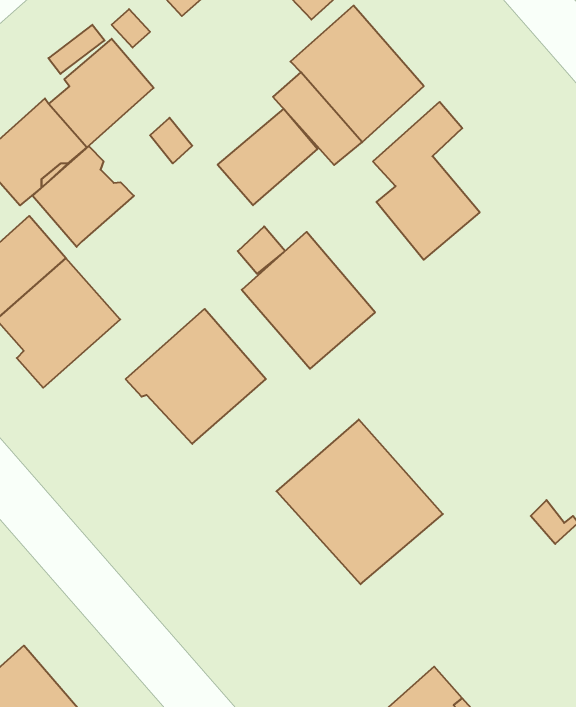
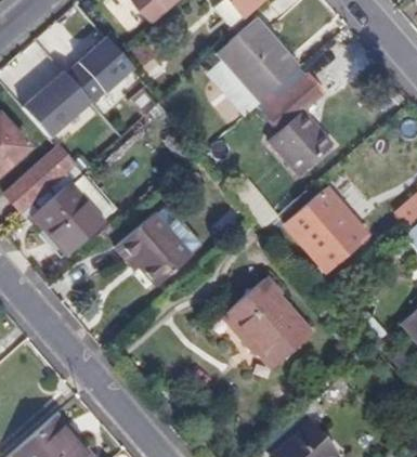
building: [218,109,318,205] -> none
building: [32,146,134,247] -> none
building: [242,232,375,369] -> [290,184,373,269]

